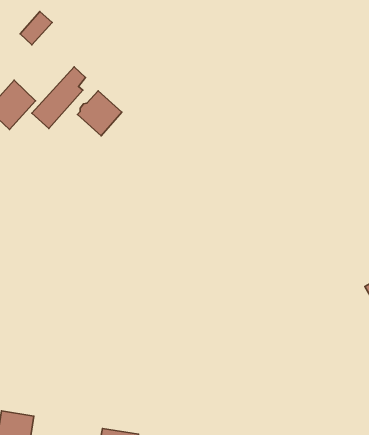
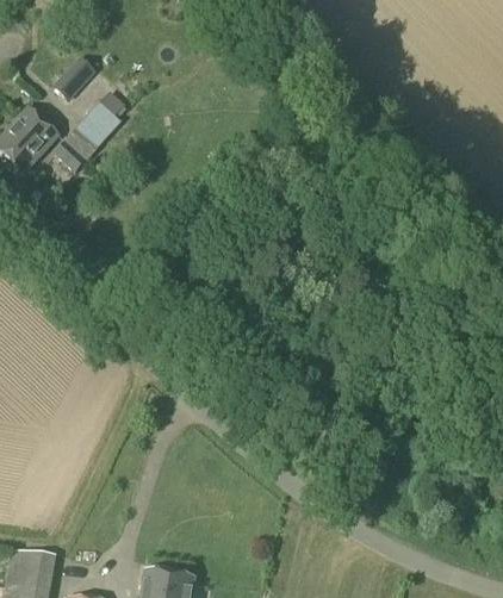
building: [20,12,52,45] -> [52,56,95,100]
building: [78,91,122,136] -> none

